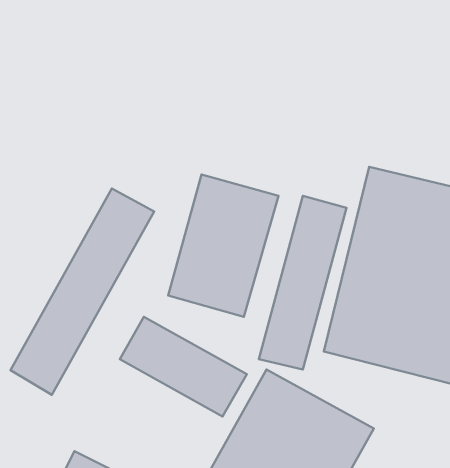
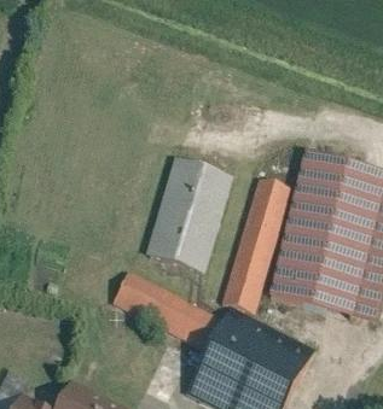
building: [11,188,154,395] -> none

